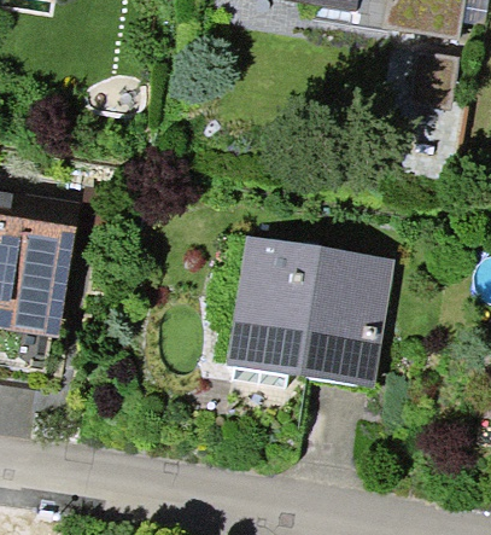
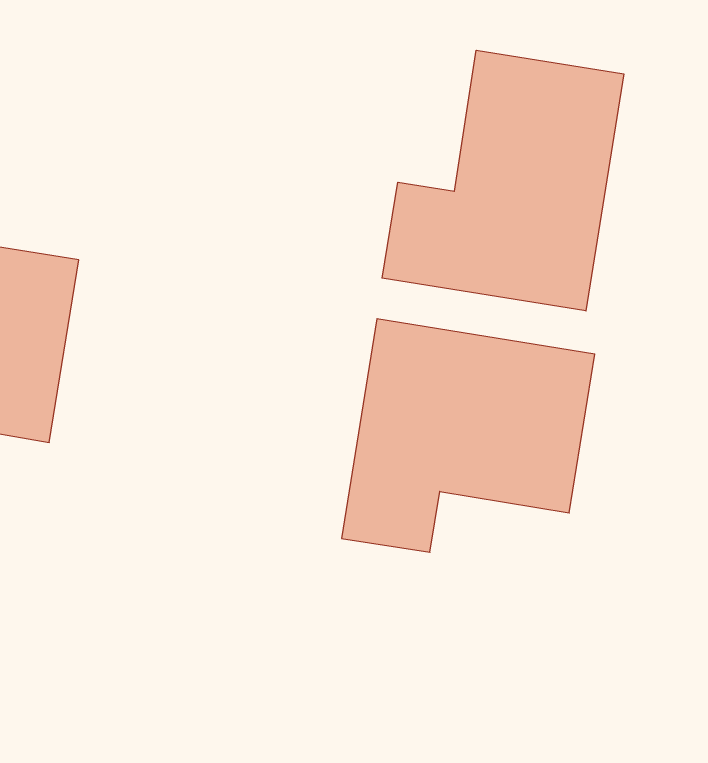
building: none -> [382,50,624,311]

